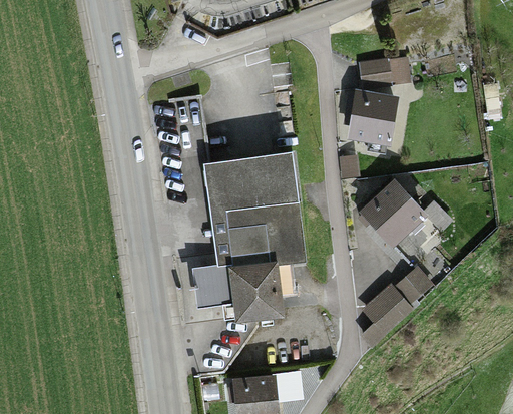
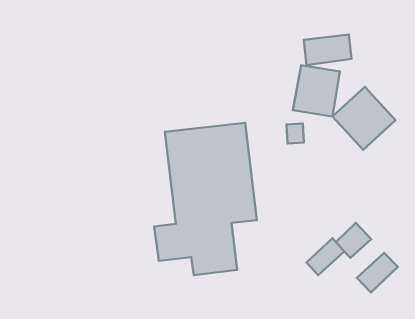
building: [359,178,429,249] -> [333,87,396,150]
building: none -> [357,253,398,292]

